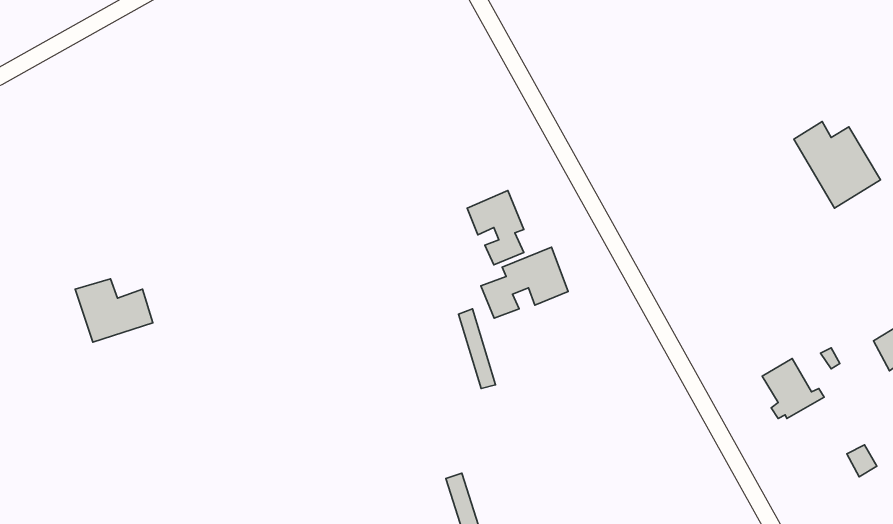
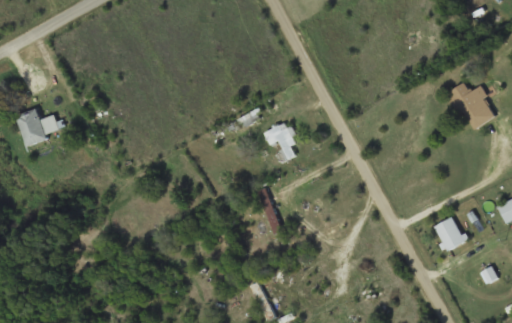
building: [481,247,568,318] -> none
building: [75,279,153,342] -> [18,109,62,145]

